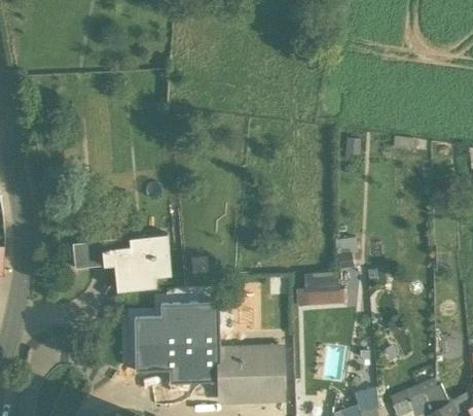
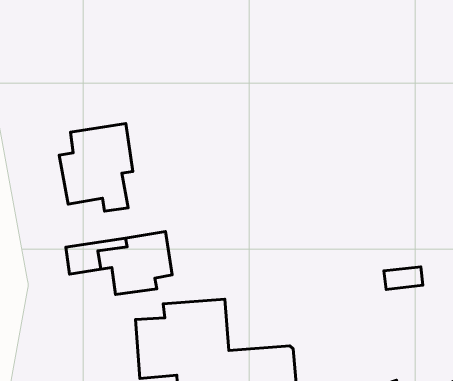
building: none -> [59,123,133,211]
building: [302,274,338,293] -> [384,267,423,289]

